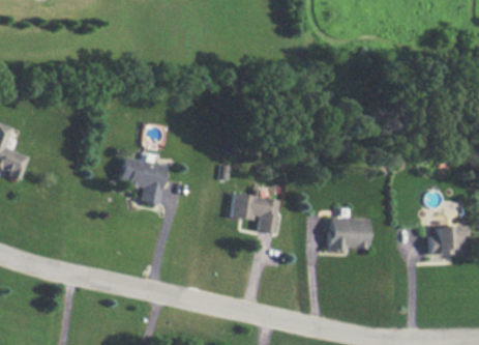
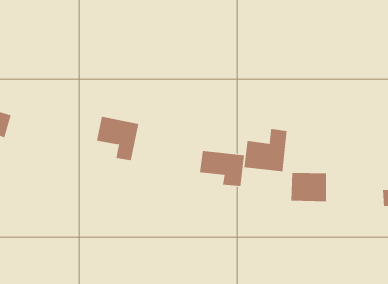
building: none -> [244,128,287,172]

